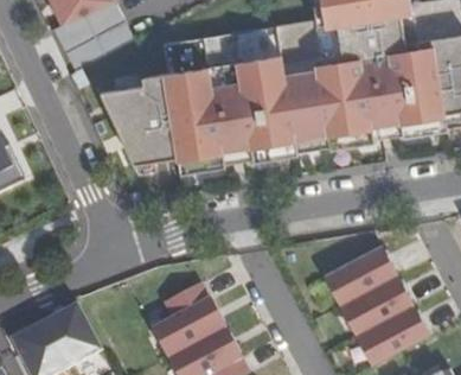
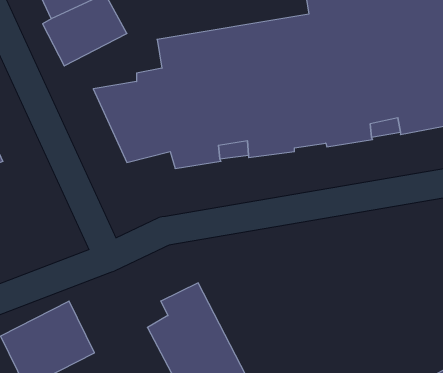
building: [325,244,429,366] -> none

